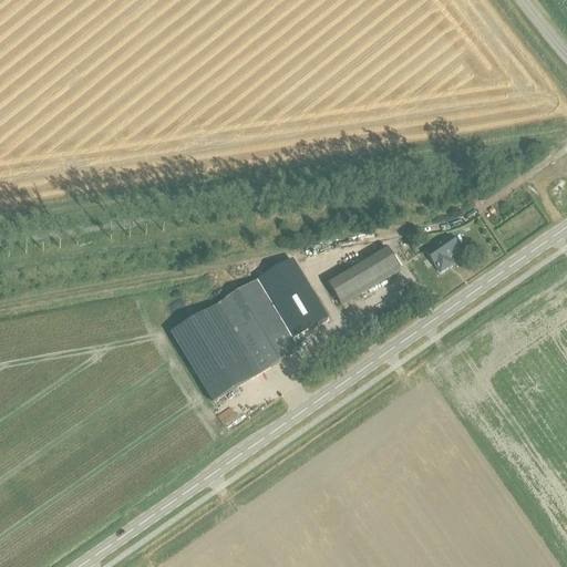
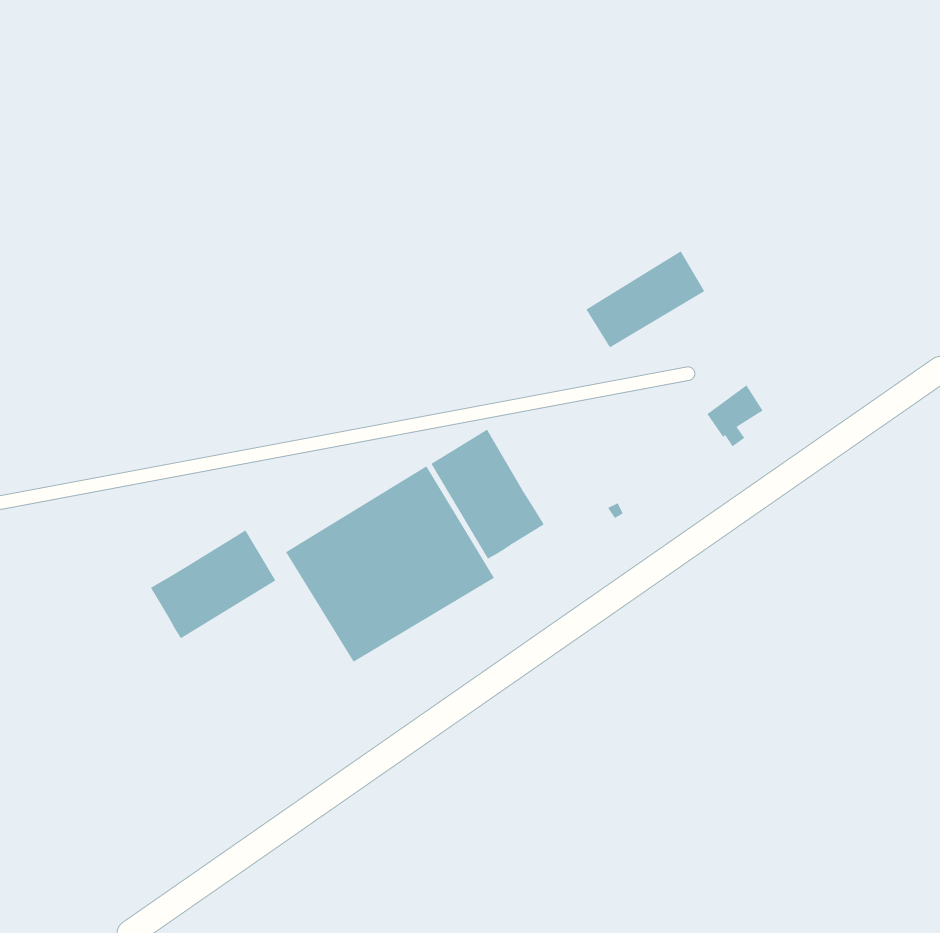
building: [328,244,400,302] -> [586,251,705,348]
building: none -> [150,529,276,639]

